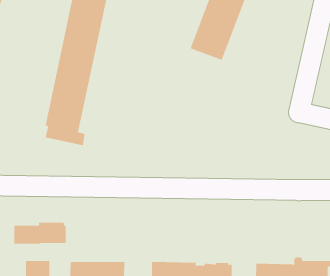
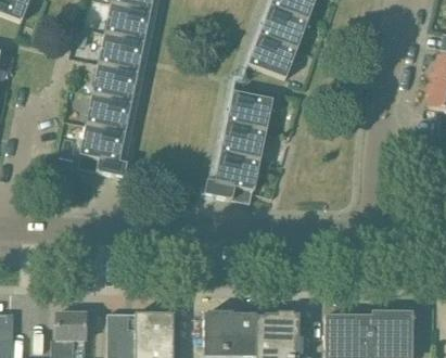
building: none -> [204,91,272,203]
building: [14,222,66,245] -> none

